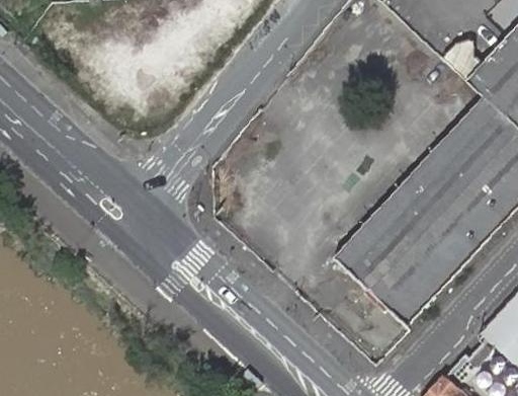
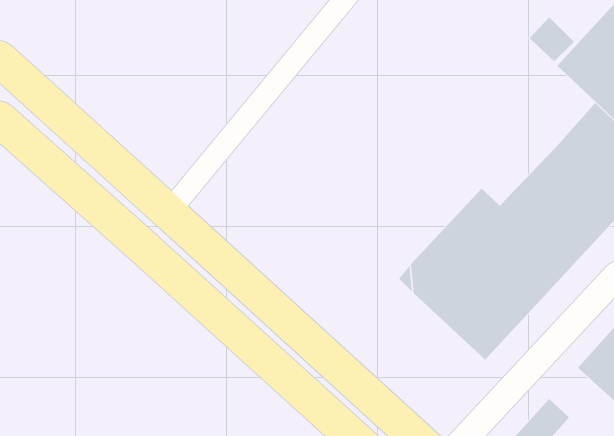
building: [404,94,499,194] -> none

